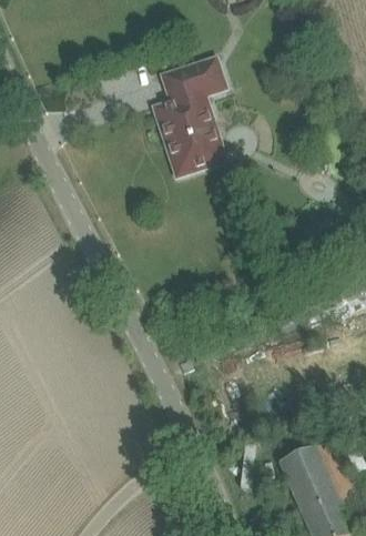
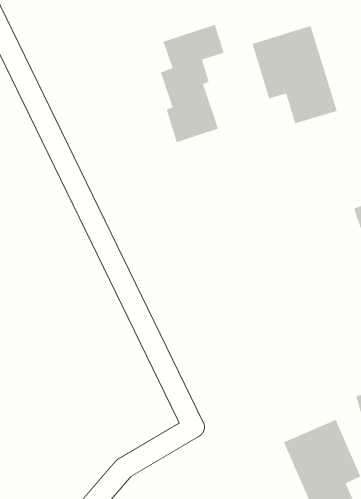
building: none -> [252,25,337,124]

